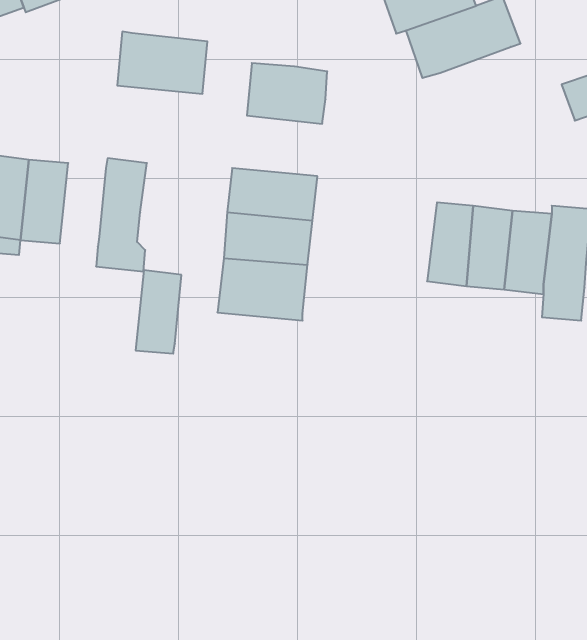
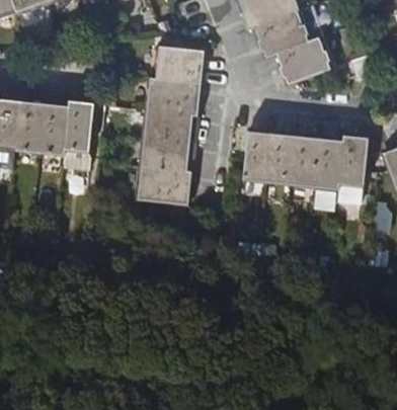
building: [117,32,207,94] -> [146,76,202,114]
building: none -> [274,34,329,81]
building: none -> [243,129,272,179]
building: [136,270,181,354] -> [39,106,68,158]

